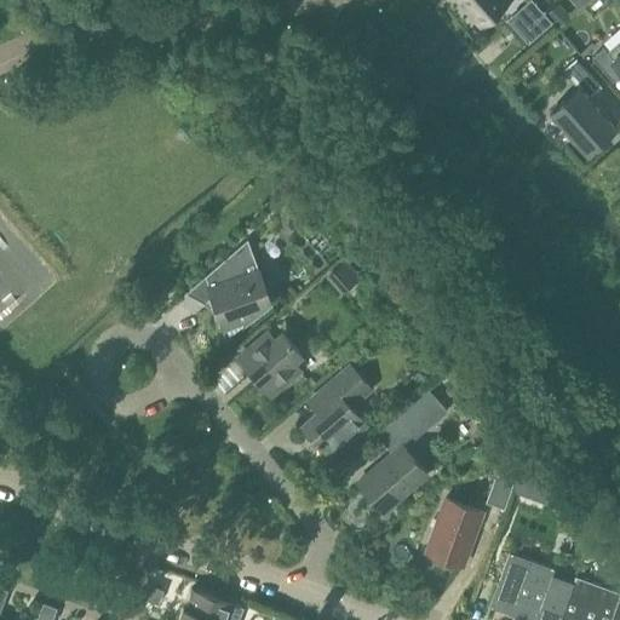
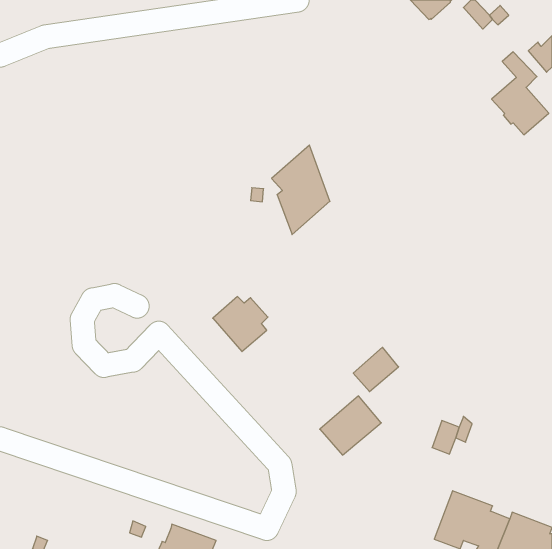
building: [206,241,271,341] -> [272,145,330,235]
building: [303,368,369,459] -> none
building: [426,500,483,567] -> none

